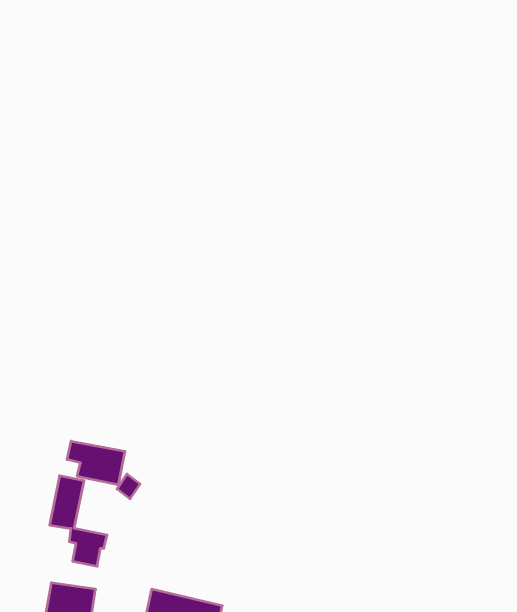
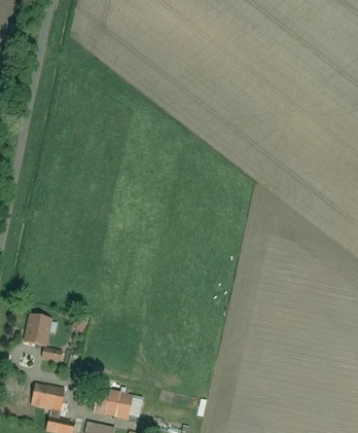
building: [67,441,125,485] -> none

